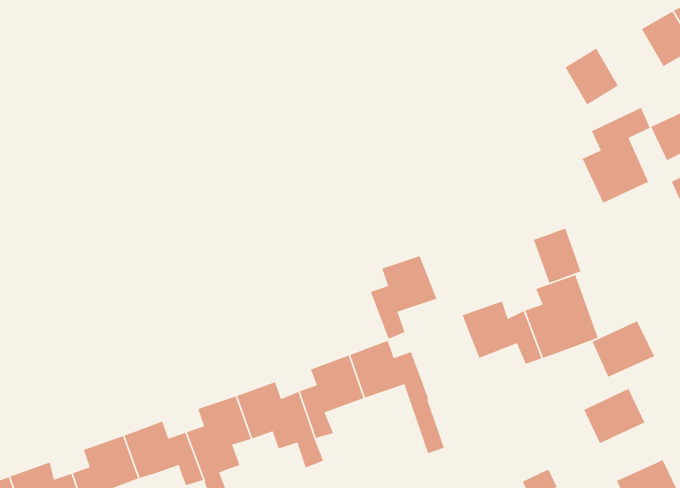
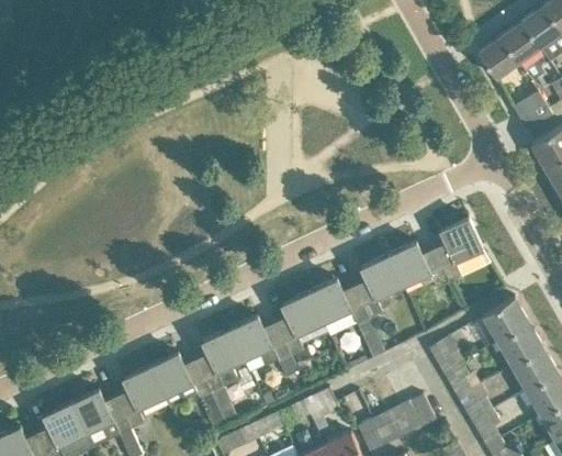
building: [564,47,619,106] -> [477,36,518,79]
building: [582,107,651,204] -> none
building: [533,228,581,284] -> none
building: [370,255,437,340] -> [355,256,404,320]
building: [592,320,655,378] -> [497,322,544,366]
building: none -> [429,337,464,372]

